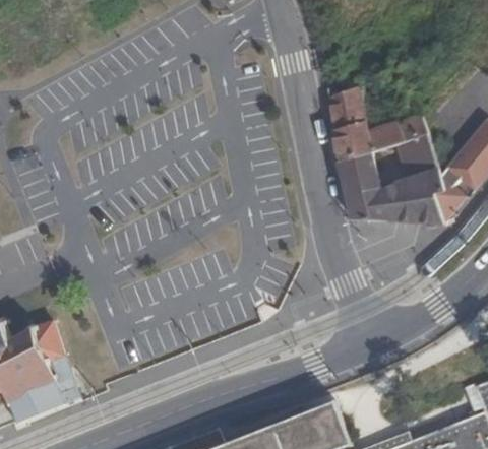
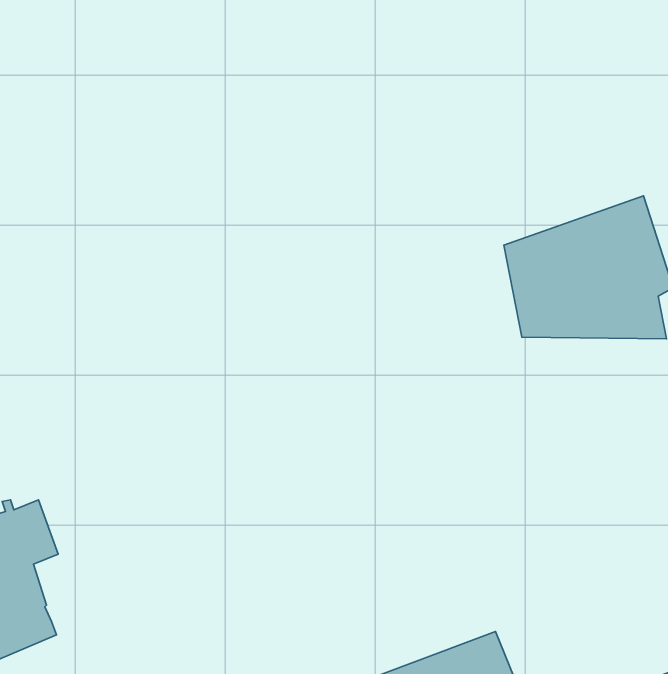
building: [325,84,424,166] -> none

